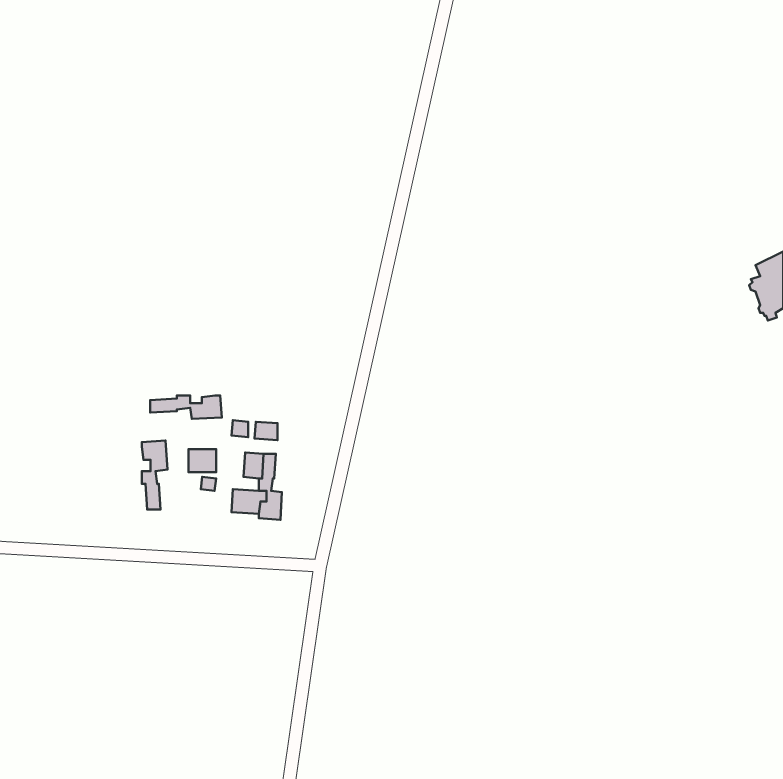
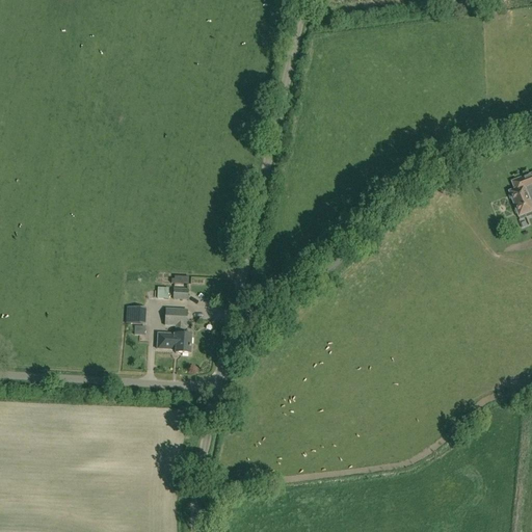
building: [150,395,222,419] -> none
building: [142,440,167,510] -> none

